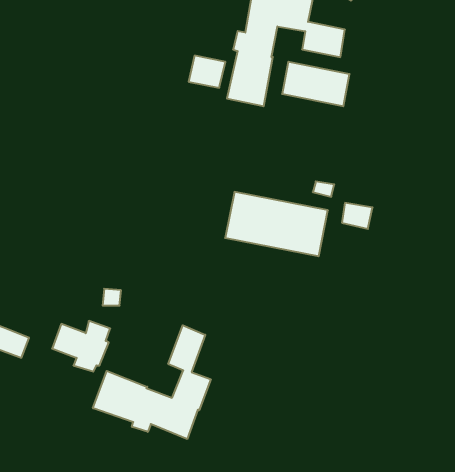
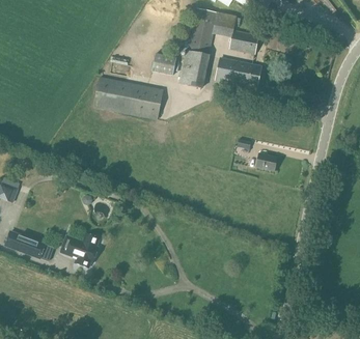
building: [225,192,328,256] -> [93,76,163,119]
building: [93,325,211,439] -> none

